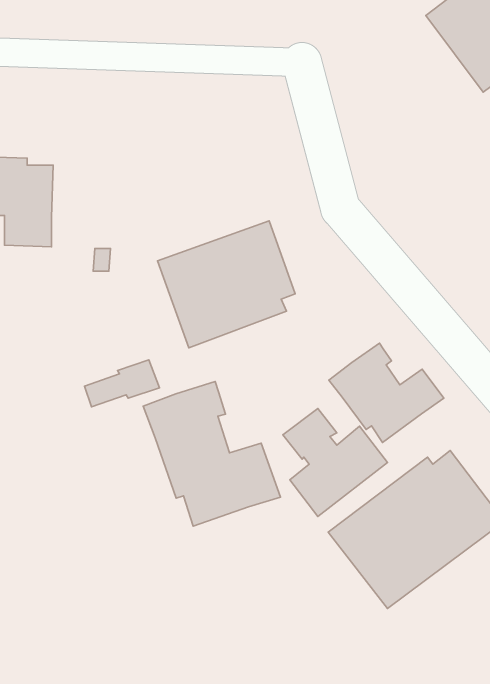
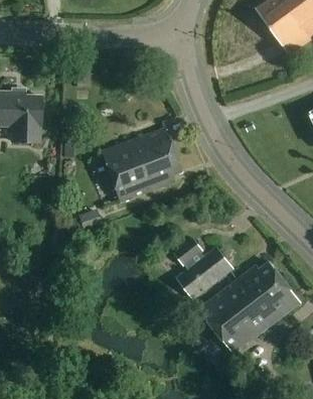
building: [329,343,444,443] -> none
building: [143,382,280,526] -> none

